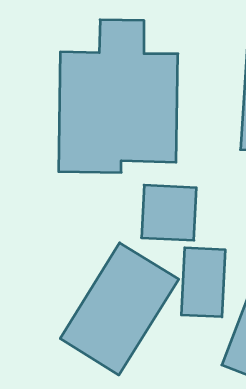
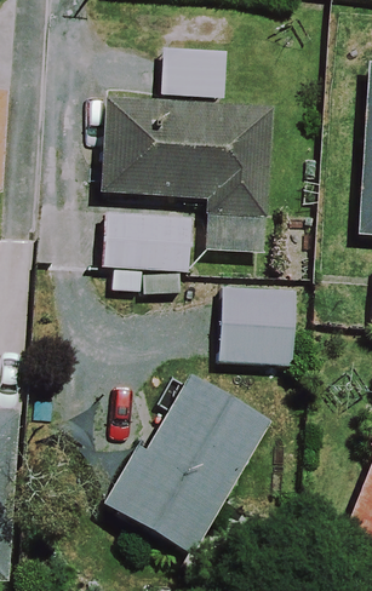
building: [181,248,225,317] -> none

